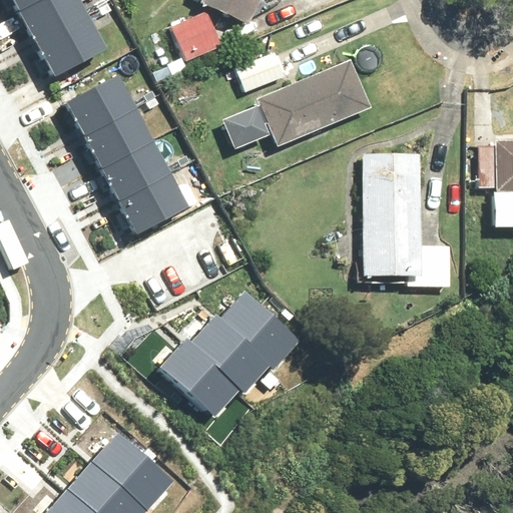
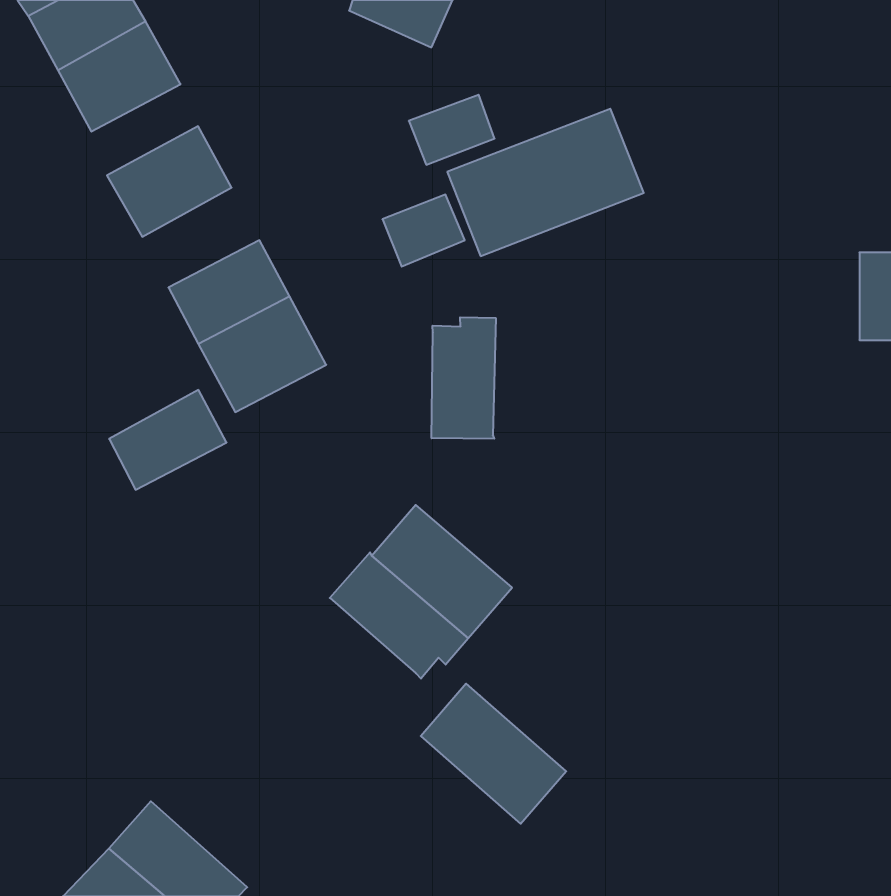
building: [173,12,222,63] -> none
building: [84,107,151,164] -> [109,390,227,490]
building: [359,154,448,287] -> none
building: none -> [432,317,496,439]
building: [157,335,240,415] -> [421,684,566,824]
building: [89,430,169,507] -> none

